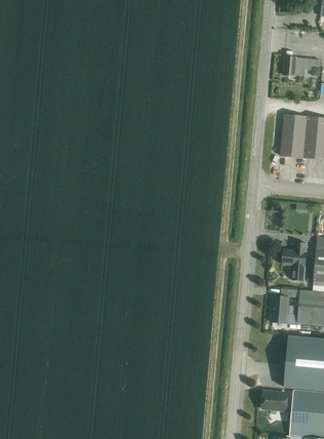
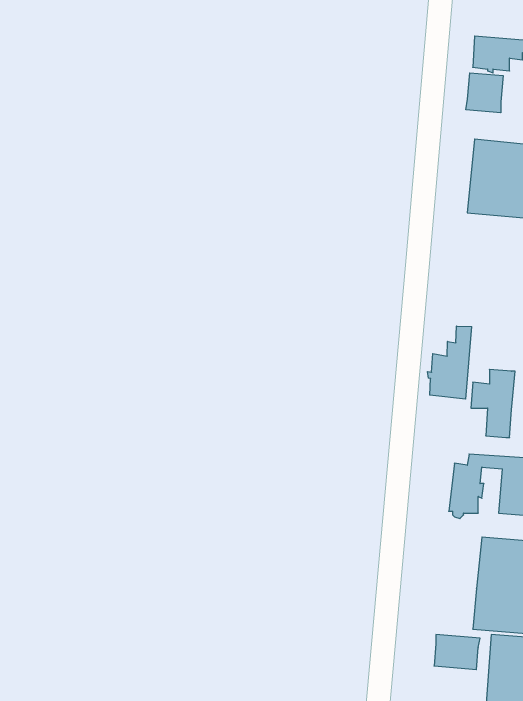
building: none -> [466,73,503,113]
building: none -> [427,326,472,399]

